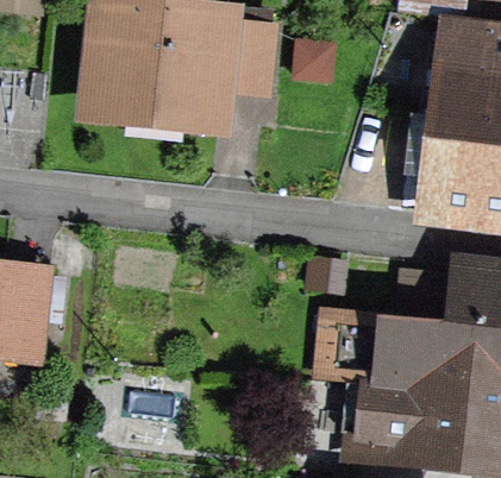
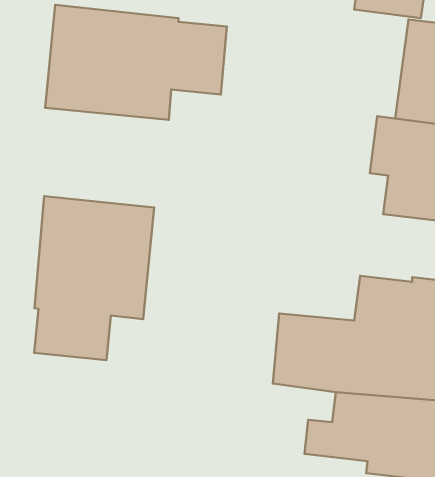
building: none -> [34,196,154,360]

